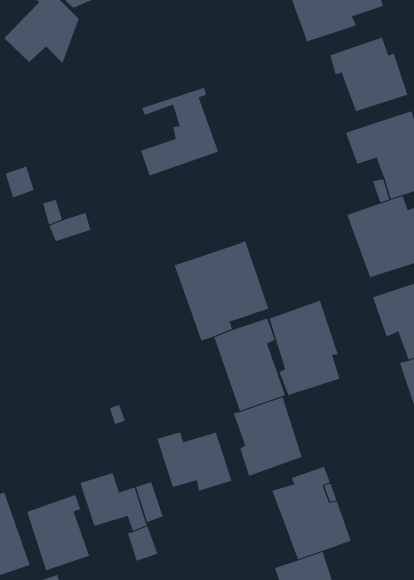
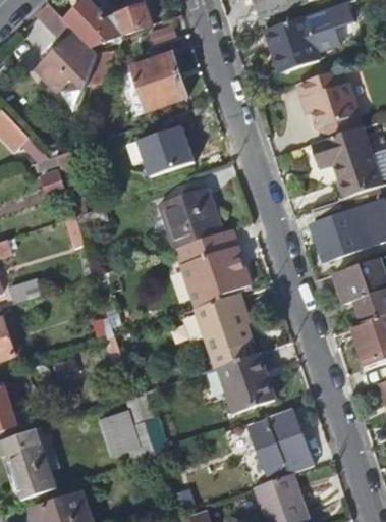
building: none -> [130,52,185,111]
building: none -> [158,187,222,248]
building: [269,300,340,396] -> none
building: [156,431,232,491] -> none
building: [26,494,90,571] -> none

